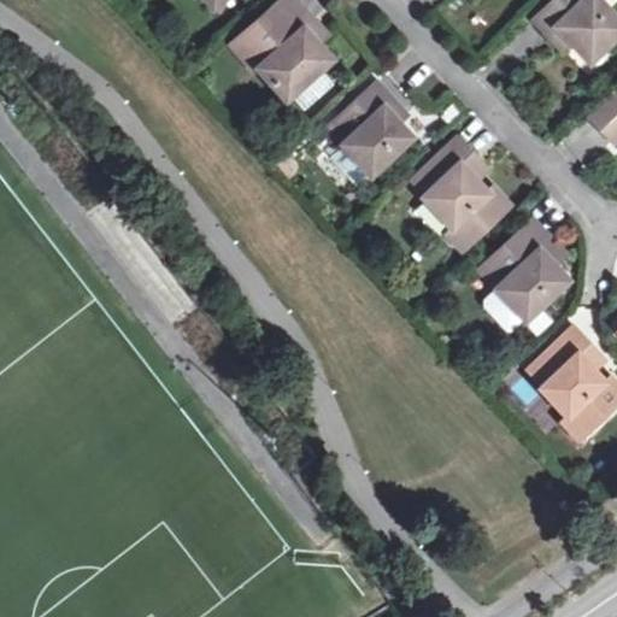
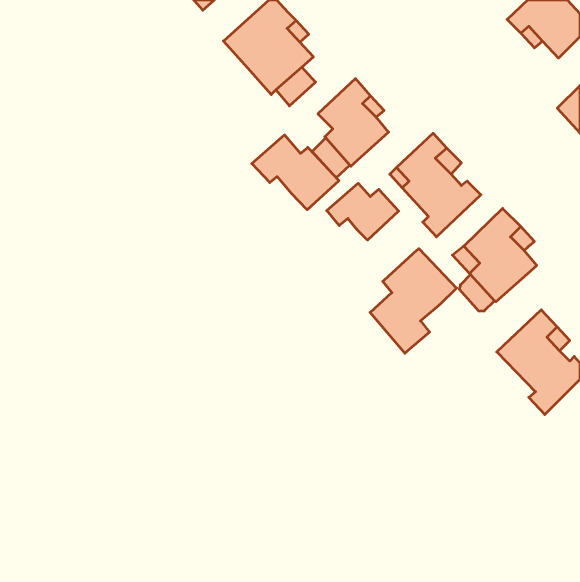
building: none -> [252,135,339,210]
building: none -> [327,183,399,240]
building: none -> [370,249,457,353]

